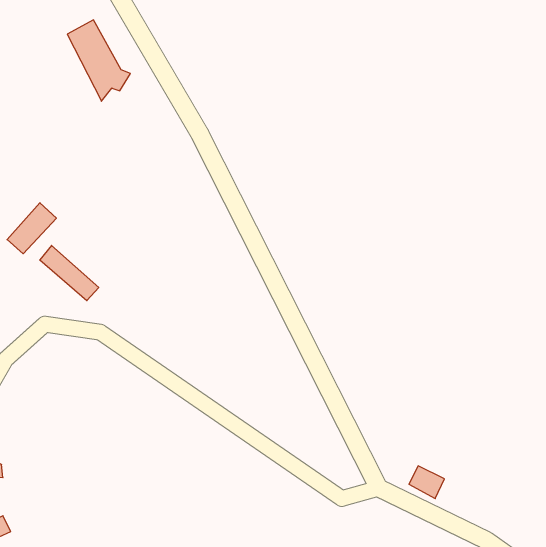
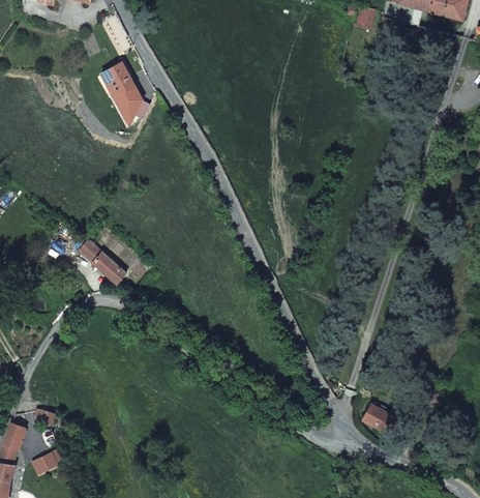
building: [7,203,56,254] -> none

